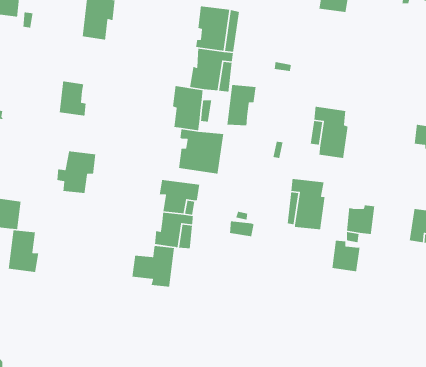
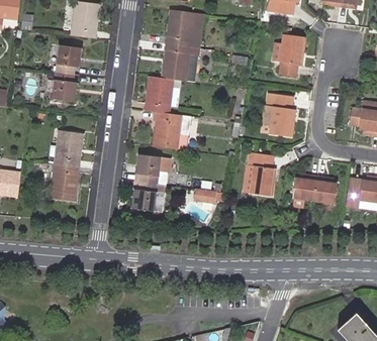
building: none -> [272,34,304,77]
building: none -> [55,44,81,75]
building: [227,84,256,126] -> none
building: [8,229,39,273] -> [51,164,77,201]
building: [332,240,361,272] -> [313,177,338,204]
building: [131,245,175,287] -> none

